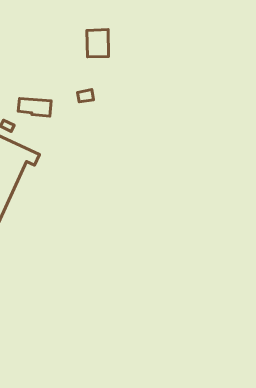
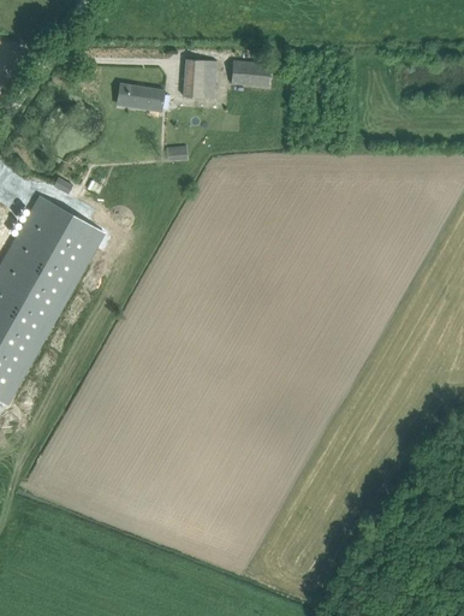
building: none -> [232,64,272,90]
building: [18,98,51,116] -> [118,87,166,116]

